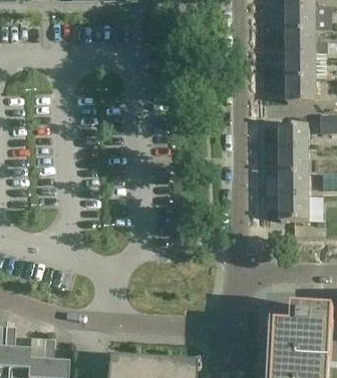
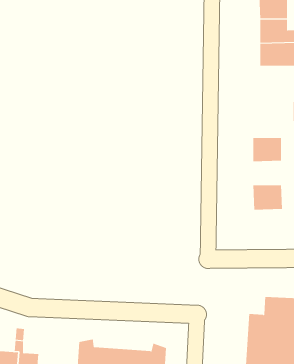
building: [286,74,315,99] -> none
building: [279,121,308,145] -> none
building: [279,168,308,193] -> none

